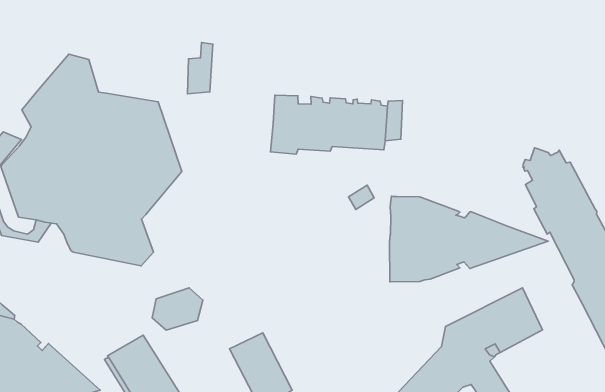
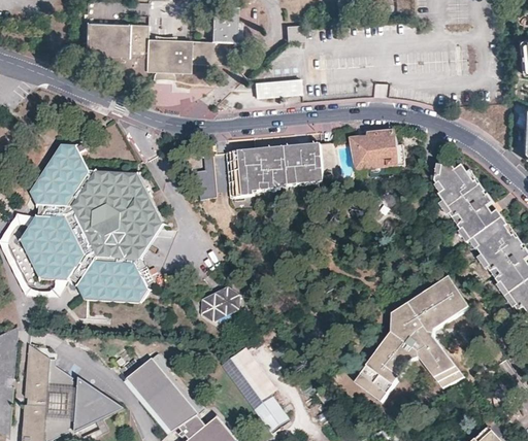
building: none -> [254,77,301,98]
building: [188,42,213,94] -> [195,158,216,200]
building: none -> [350,132,398,170]
building: [389,196,548,282] -> none
building: [152,288,203,330] -> [201,285,239,321]

